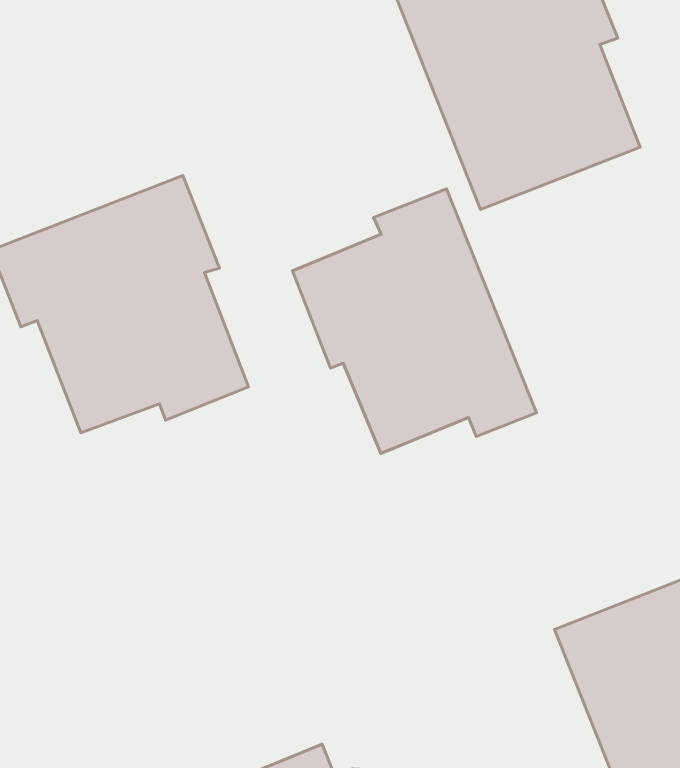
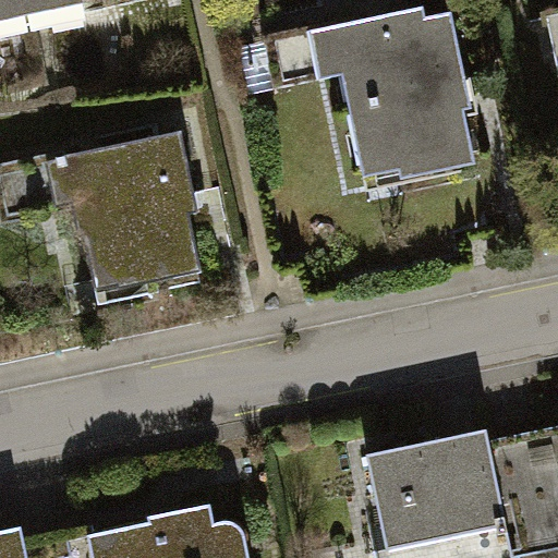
building: [292,189,536,454] -> none

